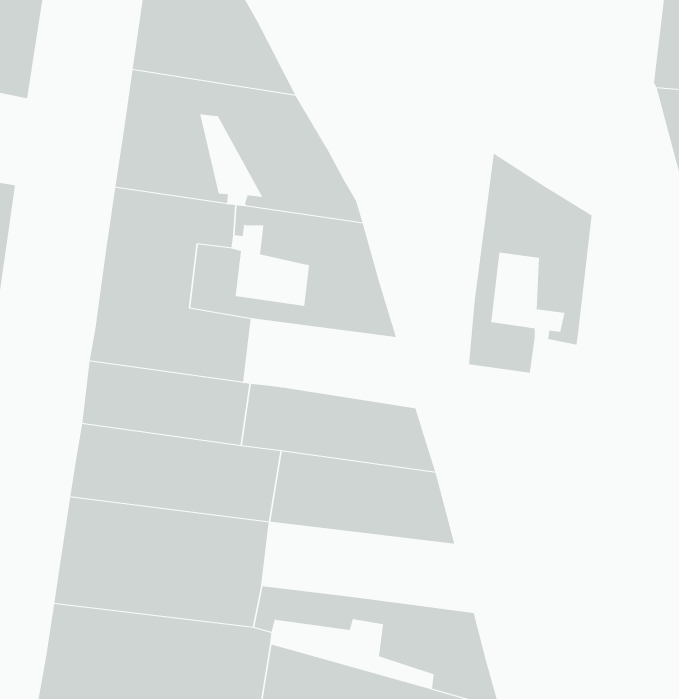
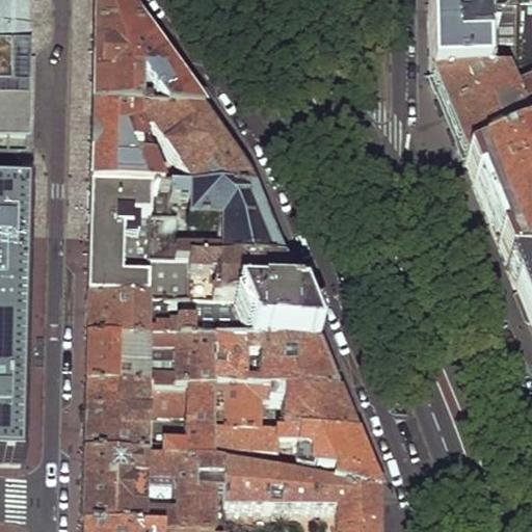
building: [468,153,592,374] -> none
building: none -> [191,249,303,294]
building: none -> [218,378,356,421]

